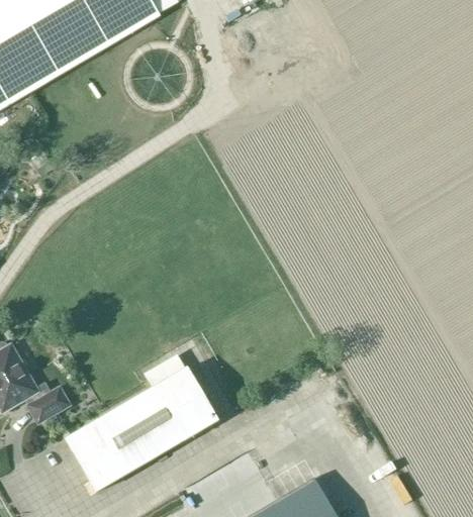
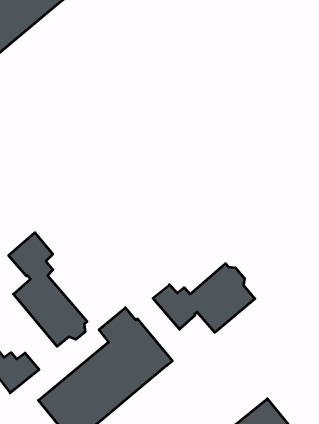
building: none -> [9,233,87,346]
building: none -> [153,264,255,332]

